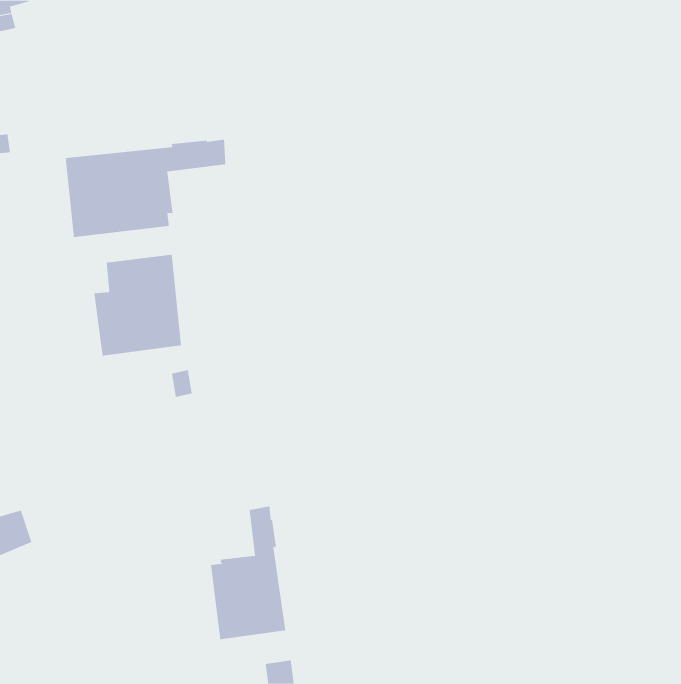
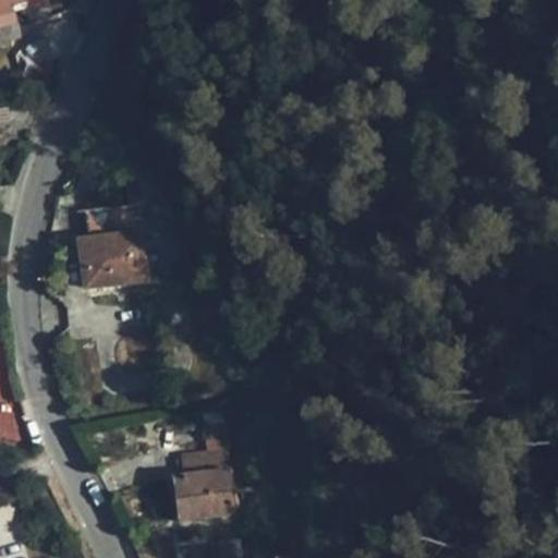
building: [65,139,226,238] -> none

